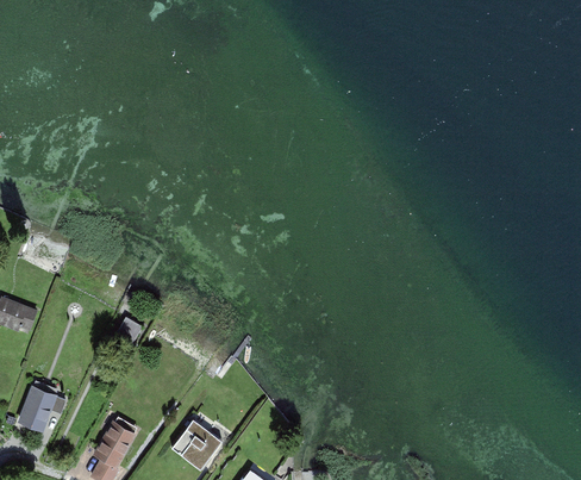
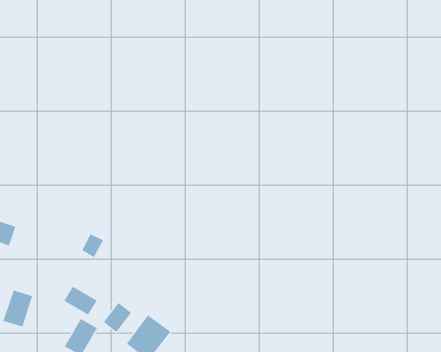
building: none -> [63,286,98,316]
building: none -> [103,302,132,333]

